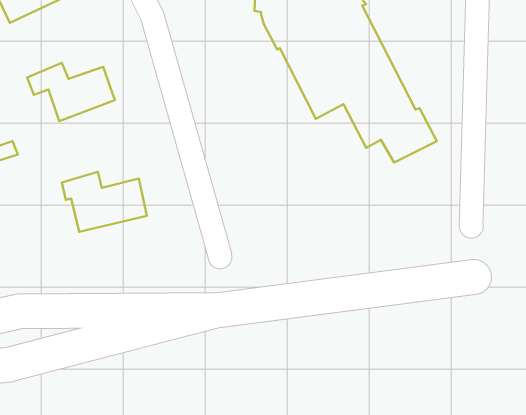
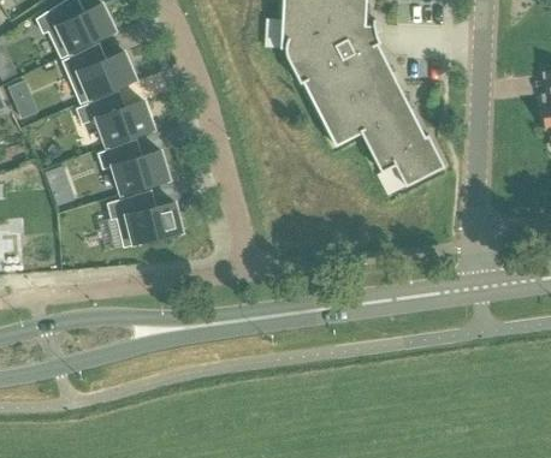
building: none -> [60,48,137,103]
building: none -> [96,143,170,195]

